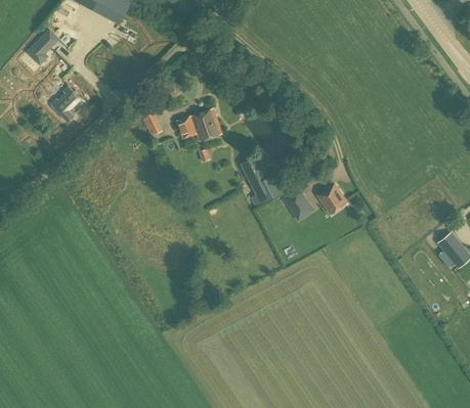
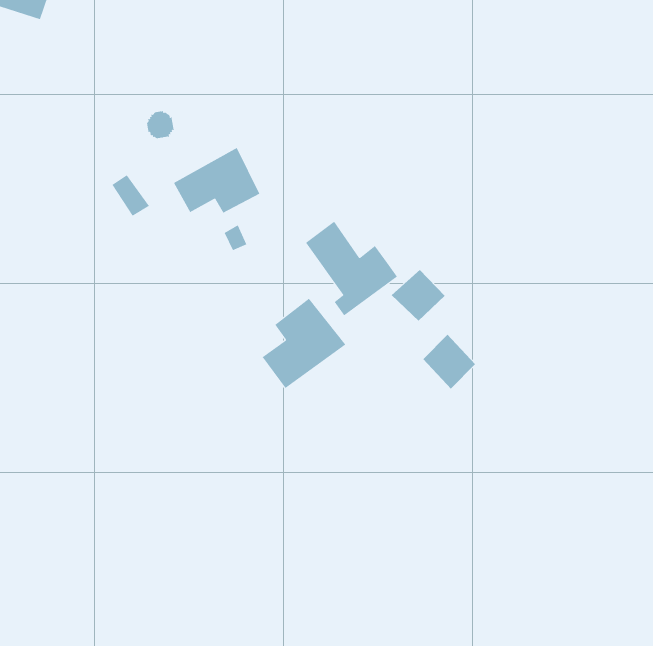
building: [318,185,346,215] -> [423,334,476,389]
building: none -> [262,298,346,389]

